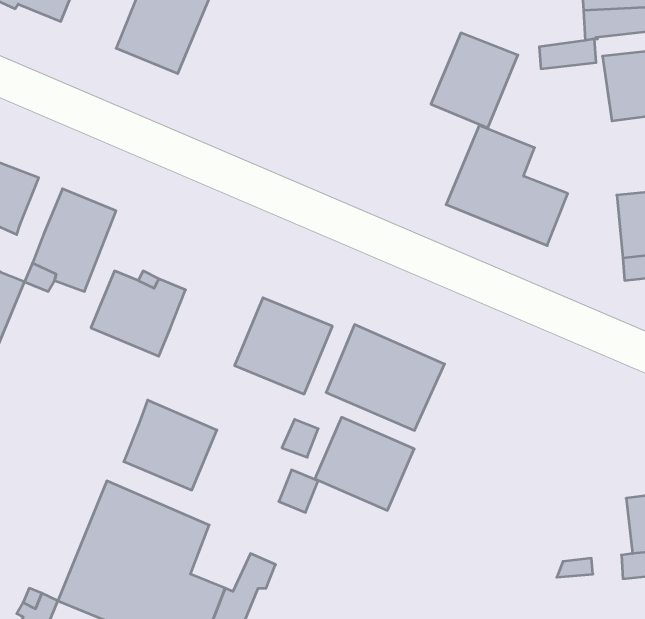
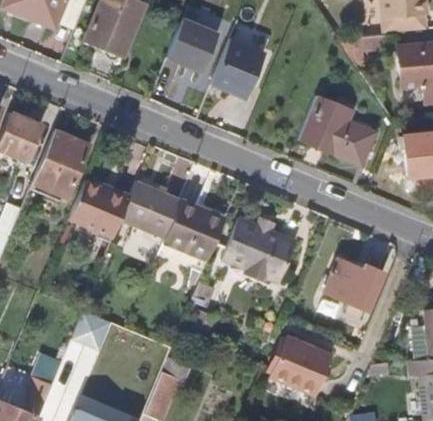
building: none -> [164,18,216,72]
building: [431,33,518,128] -> [208,38,263,98]
building: none -> [324,260,379,308]
building: [124,400,217,490] -> [121,180,180,237]
building: [315,417,414,510] -> [267,337,330,396]

